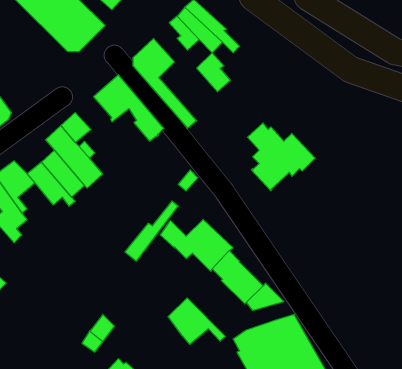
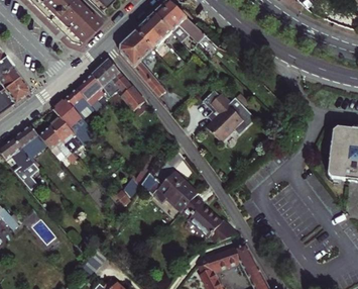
building: [197,53,230,92] -> [136,18,162,49]
building: none -> [76,76,104,102]
building: [168,298,225,344] -> none

